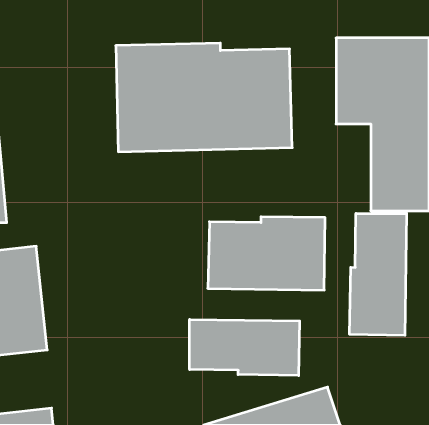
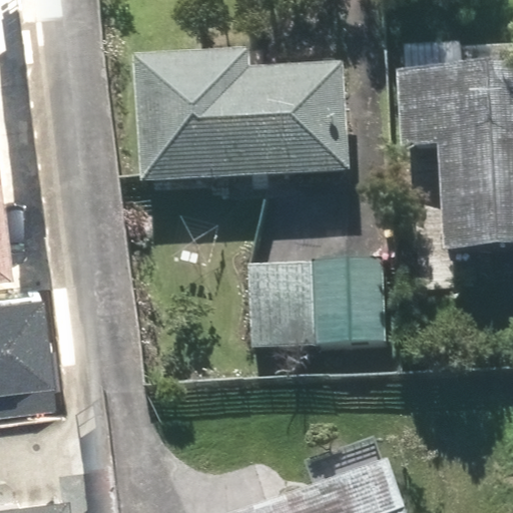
building: [350,213,407,335] -> none
building: [190,319,300,376] -> none

